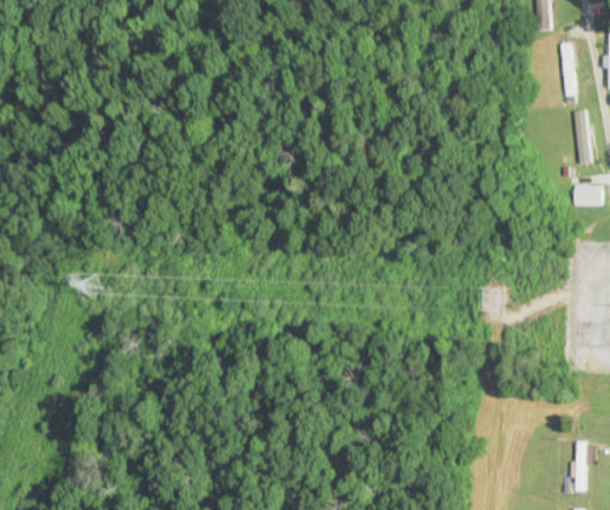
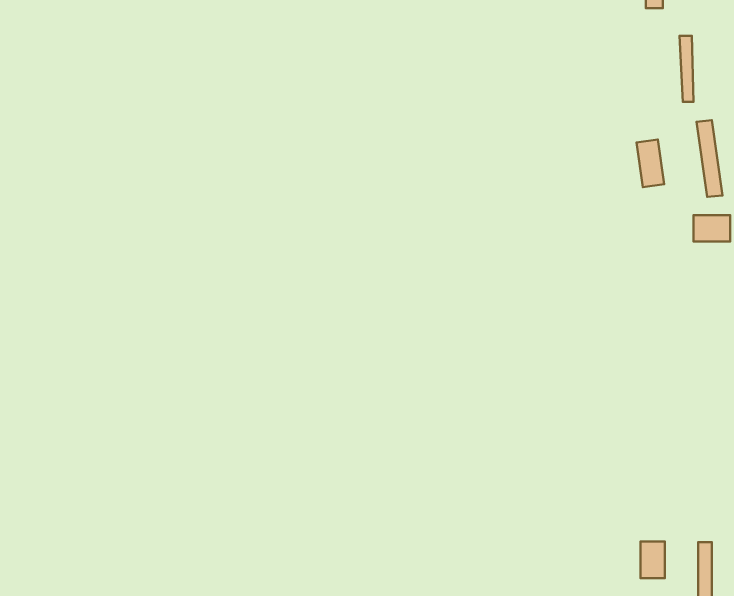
building: none -> [637,140,664,187]
building: none -> [640,542,665,578]

